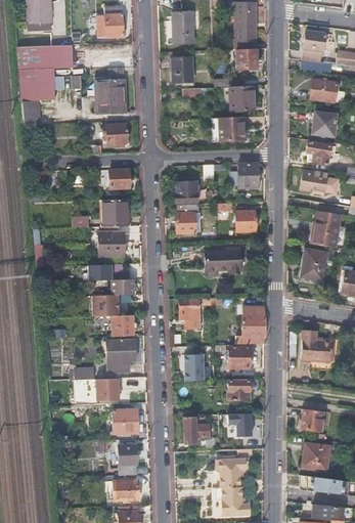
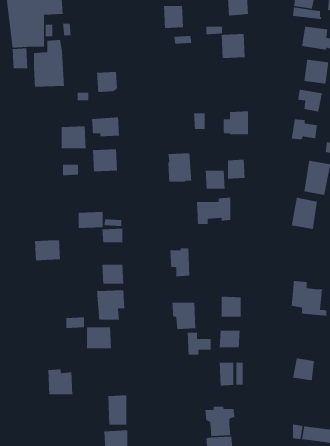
building: [95,67,127,115] -> [33,39,65,87]
building: [214,117,247,140] -> none
building: [177,184,197,204] -> [205,170,225,189]
building: [98,232,124,256] -> [61,125,87,149]
building: [92,295,119,316] -> [34,240,61,261]
building: [237,307,265,345] -> none
building: [113,406,138,433] -> [48,369,73,395]
building: [184,419,209,442] -> [187,332,211,356]
building: [302,442,330,471] -> none

